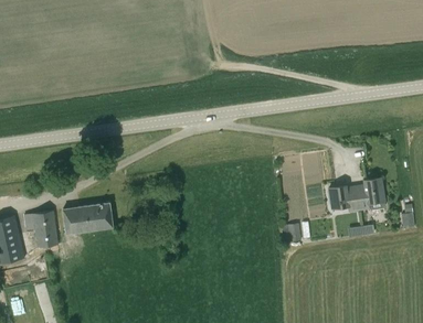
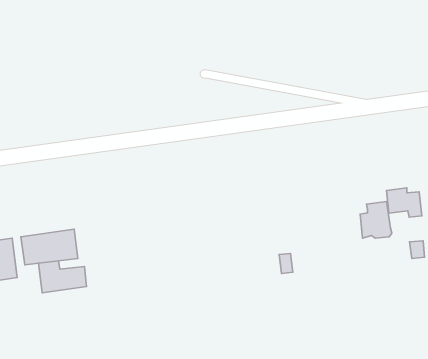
building: [329,186,360,212] -> [386,188,422,217]
building: none -> [38,261,87,293]

